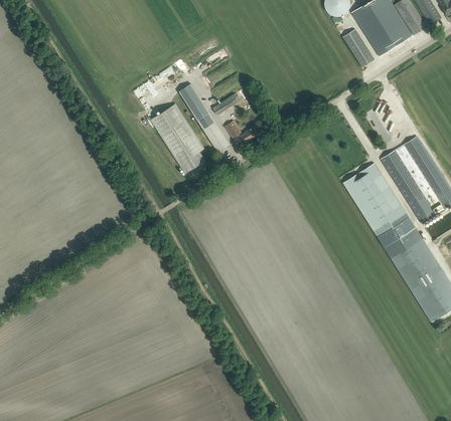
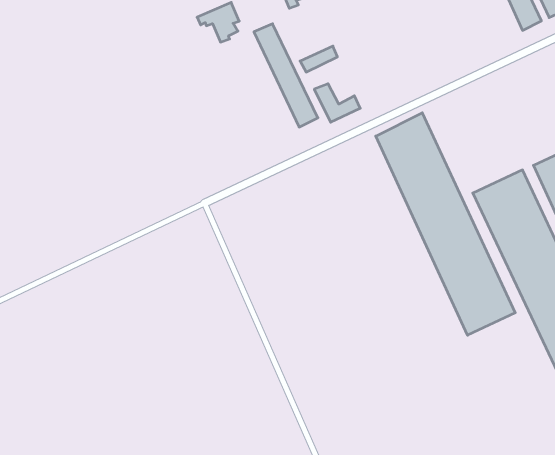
building: [150,102,205,173] -> none
building: none -> [376,113,515,335]

